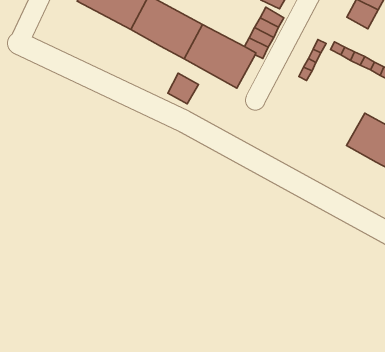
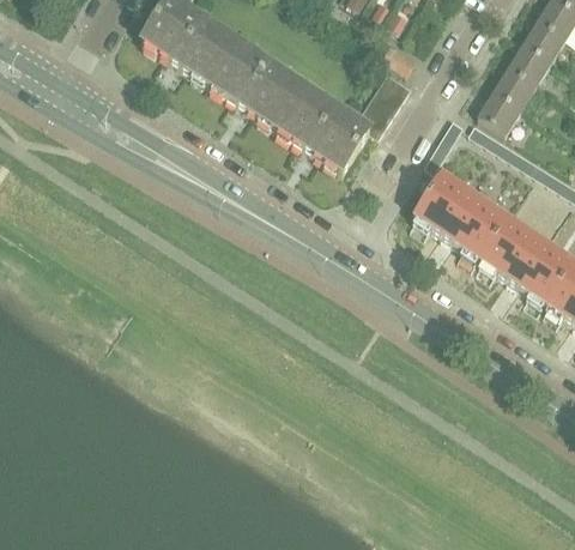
building: none -> [480,87,522,129]
building: [168,73,199,104] -> none
building: none -> [416,170,509,256]

